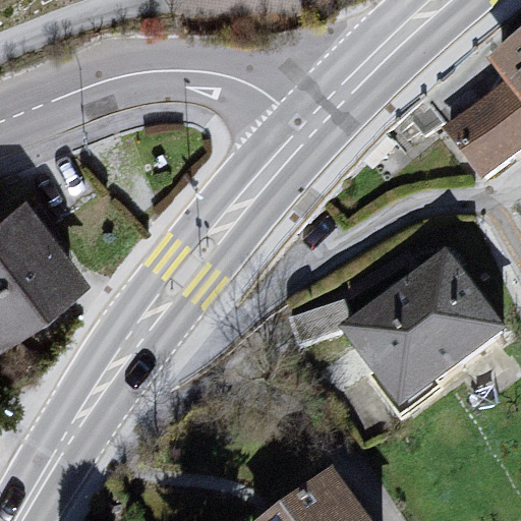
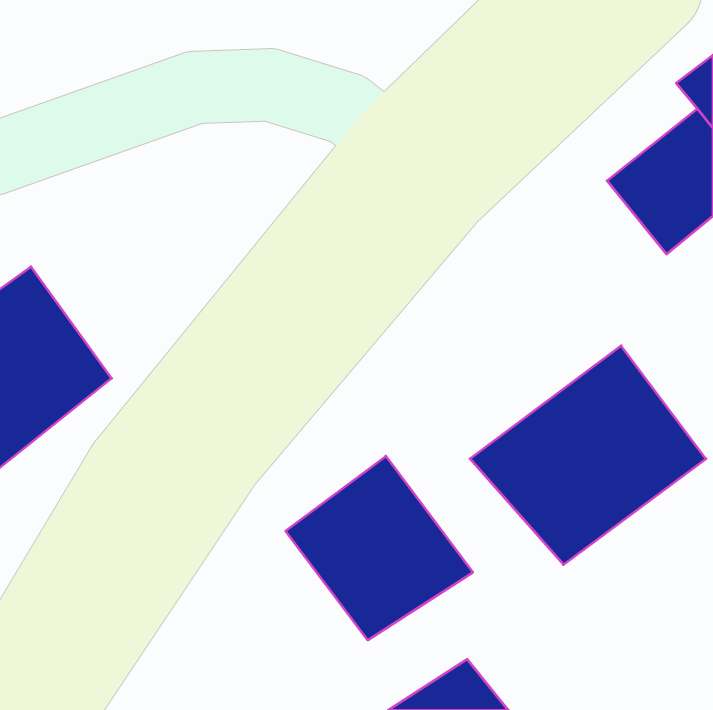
building: none -> [286,456,473,640]

